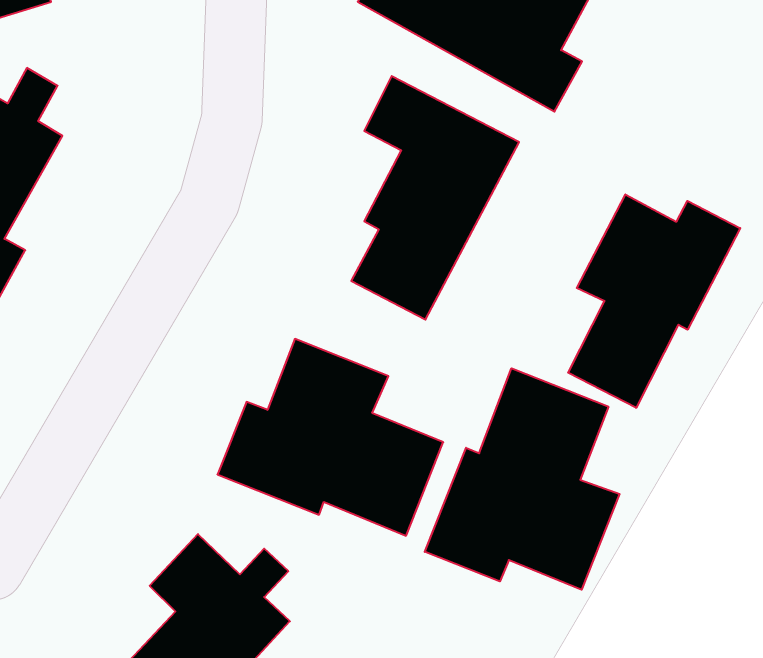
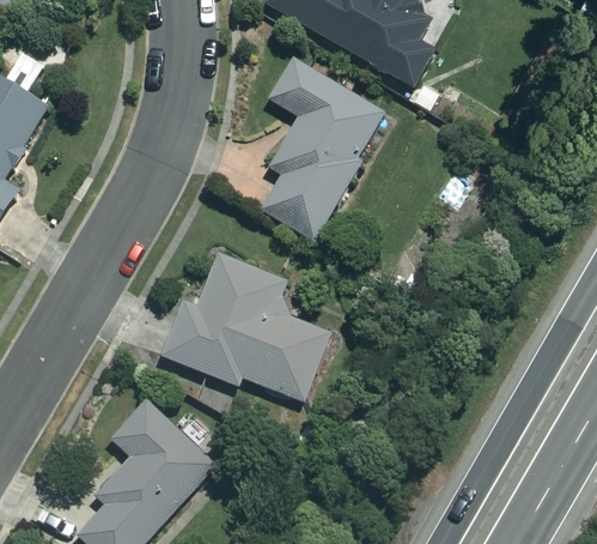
building: [568,194,740,408] -> none
building: [425,368,620,590] -> none

